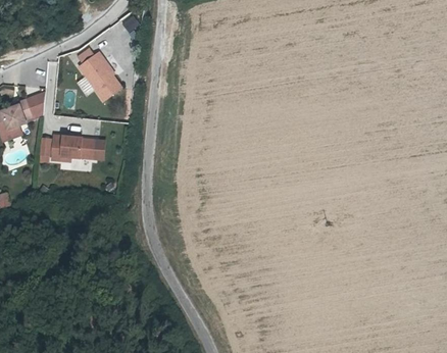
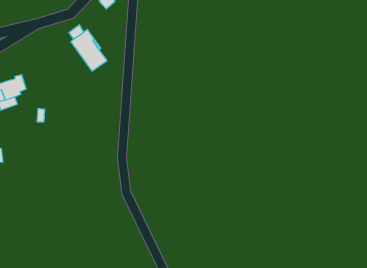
building: [58,140,101,164] -> none

